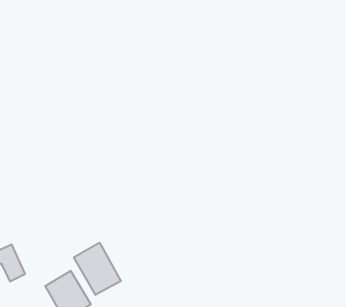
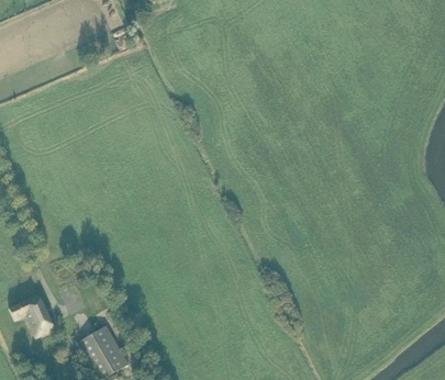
building: [74,243,121,295] -> none

